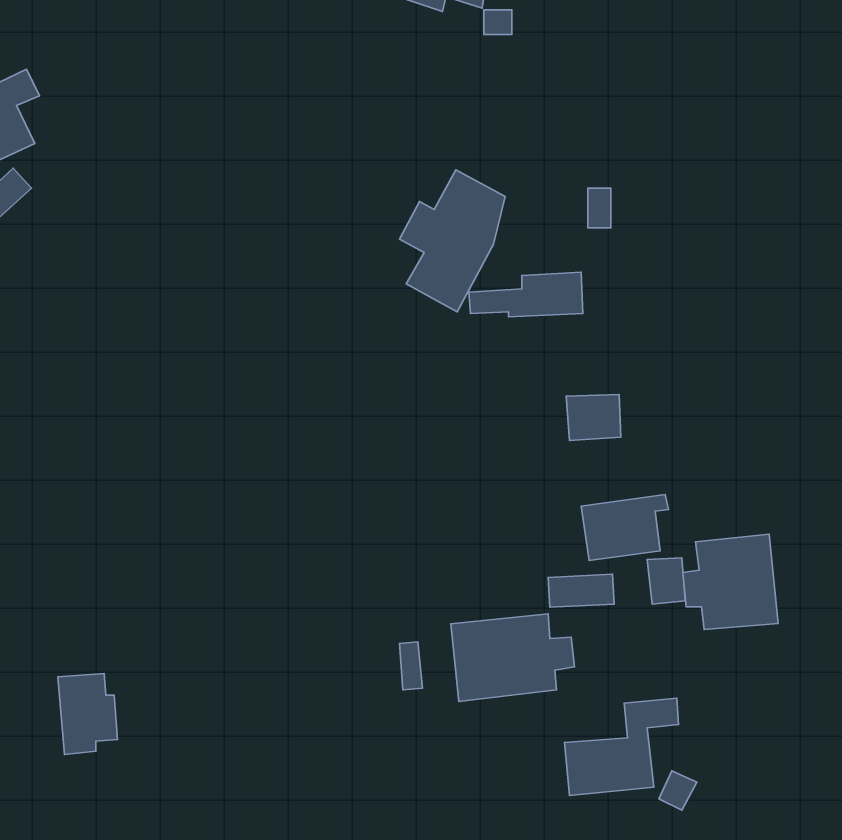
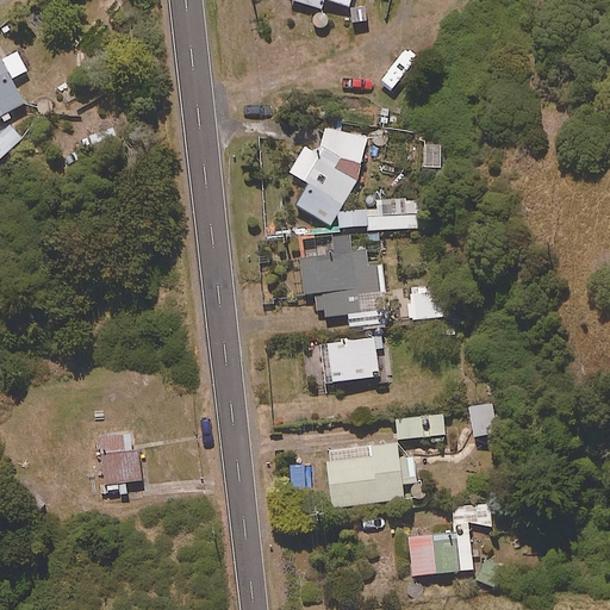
building: none -> [300,235,385,316]
building: [581,495,669,561] -> [319,335,382,382]
building: [683,534,778,630] -> none
building: [58,674,117,754] -> [98,432,141,491]

